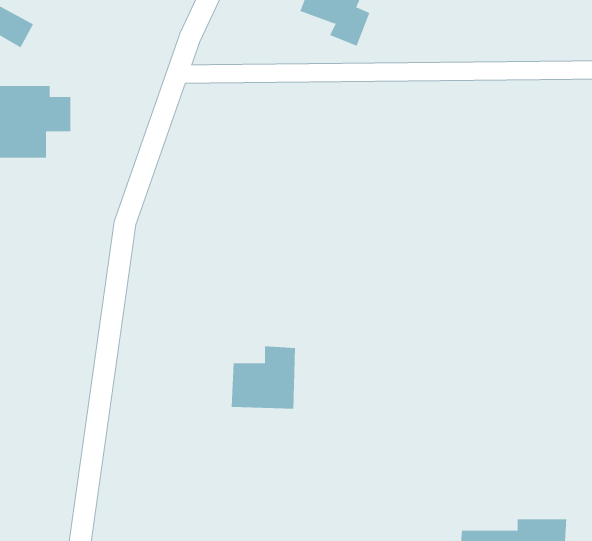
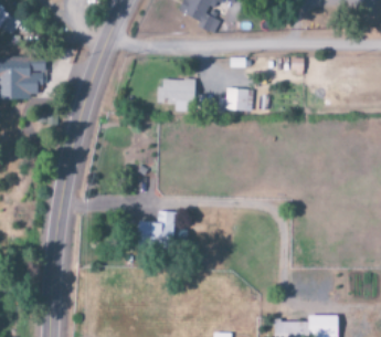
building: none -> [159,78,194,112]
building: none -> [218,87,251,112]

